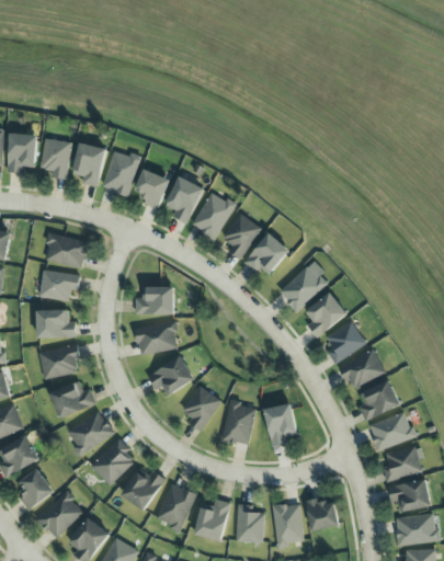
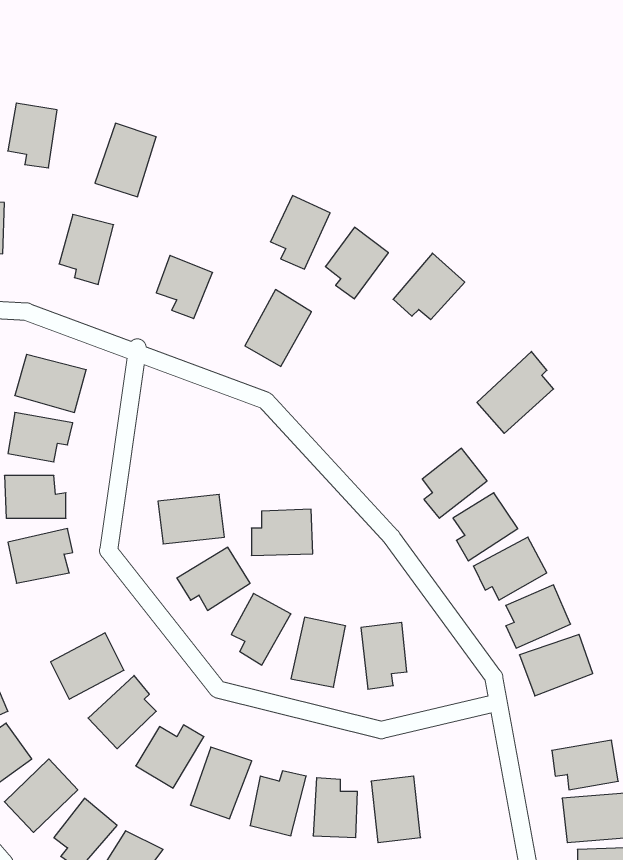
building: [39,138,71,180] -> [8,103,57,168]
building: [101,149,140,196] -> [95,123,156,197]
building: [164,176,203,224] -> [270,196,330,269]
building: [220,213,261,259] -> [325,227,388,299]
building: [243,232,289,275] -> [393,253,465,320]
building: [278,260,328,312] -> [477,351,554,433]
building: [135,286,174,316] -> [251,509,313,555]
building: [49,381,95,419] -> none
building: [382,445,422,482] -> none
building: [305,496,339,531] -> none

